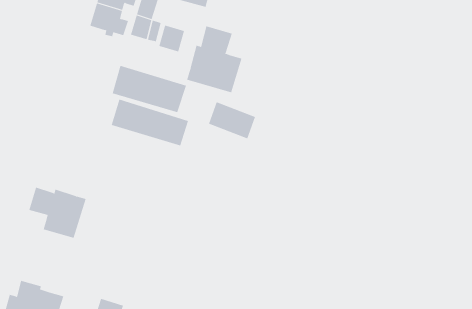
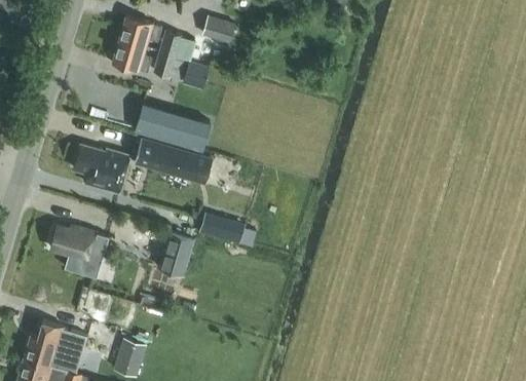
building: [187,25,242,93] -> none
building: [208,102,256,139] -> [205,207,254,245]
building: none -> [74,145,132,194]
building: none -> [157,231,194,275]

